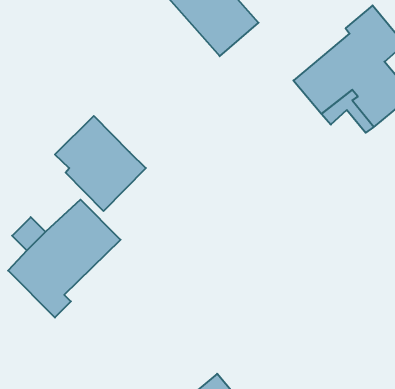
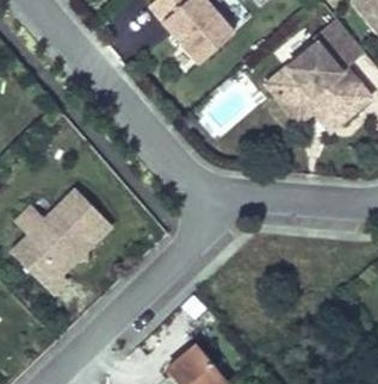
building: [55,116,146,211] -> none

